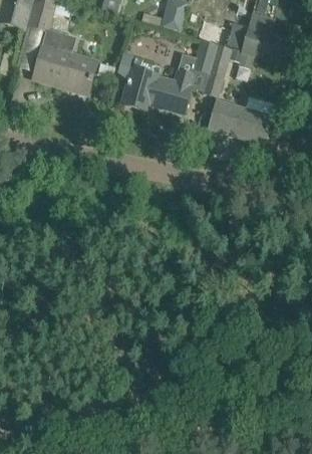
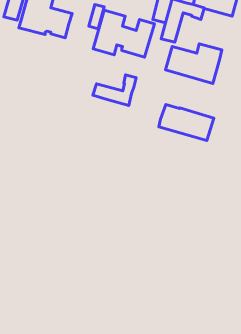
building: none -> [93,75,136,105]
building: none -> [159,105,214,141]

